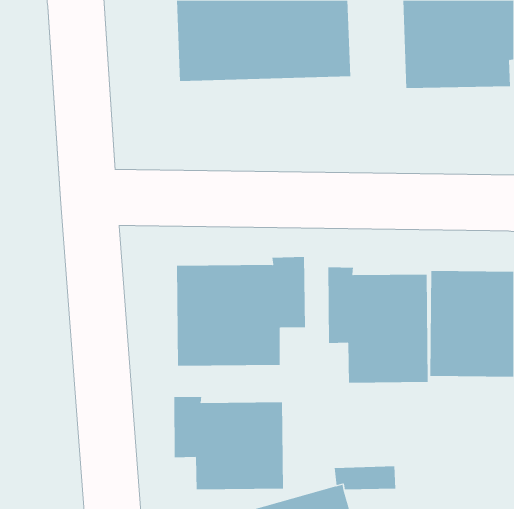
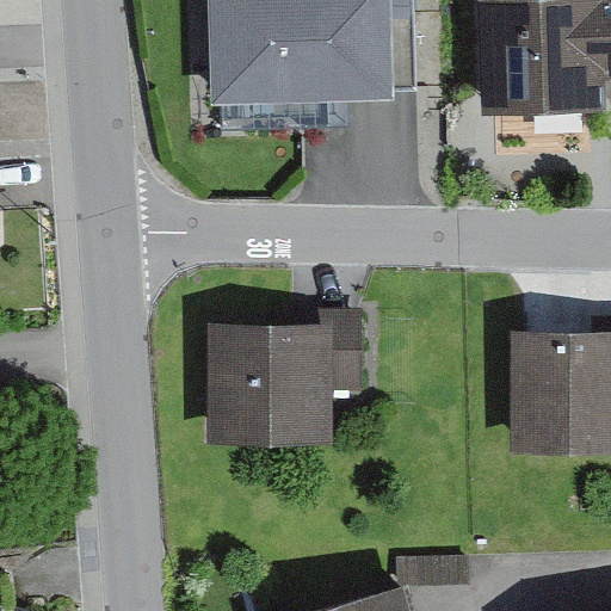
building: [328,267,428,383] -> none
building: [174,396,283,490] -> none

